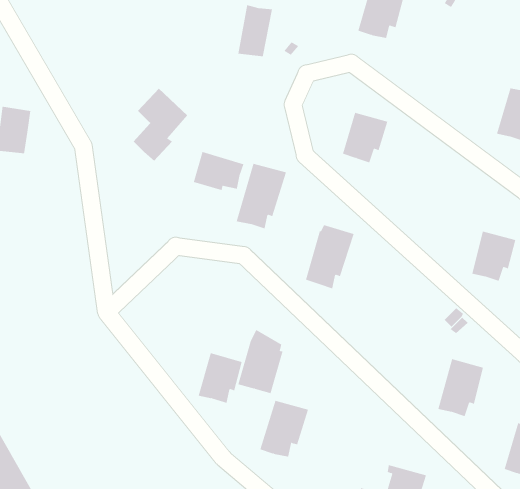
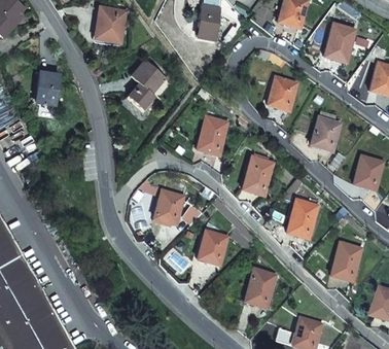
building: none -> [98,6,127,43]
building: none -> [324,23,356,62]
building: [193,151,244,191] -> none
building: none -> [311,116,342,150]
building: none -> [287,195,319,237]
building: [198,353,243,403] -> [154,189,184,223]
building: [259,400,309,457] -> [245,268,278,306]

